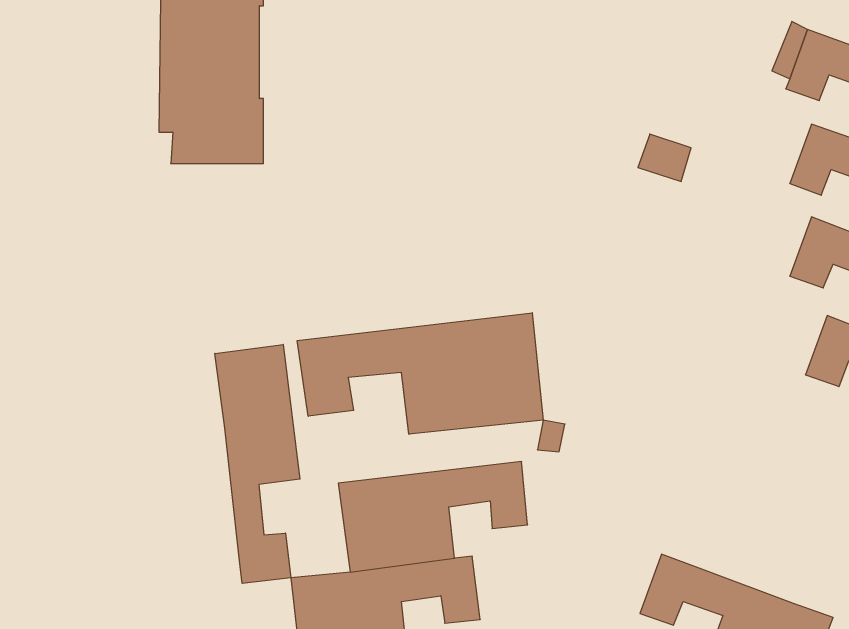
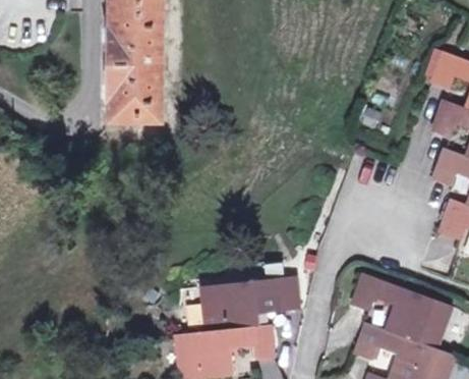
building: [297,313,543,434] -> none
building: [215,344,300,583] -> none
building: none -> [352,273,452,348]

